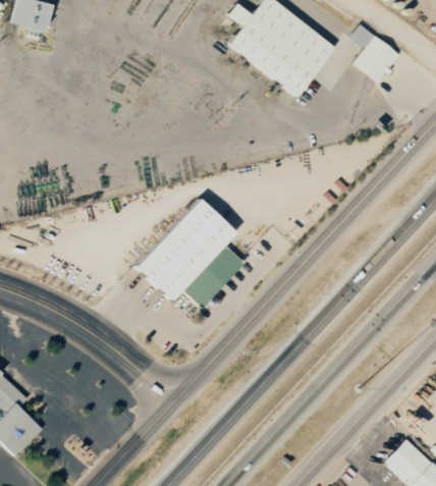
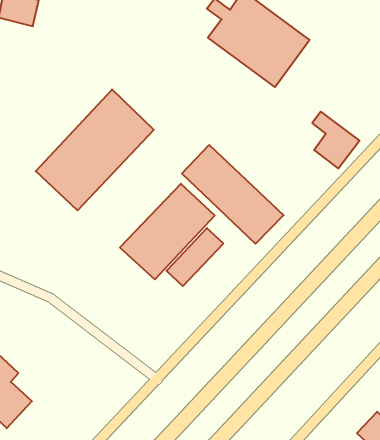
building: [351,24,401,85] -> [312,112,360,169]
building: none -> [36,89,154,210]
building: none -> [182,145,284,244]

